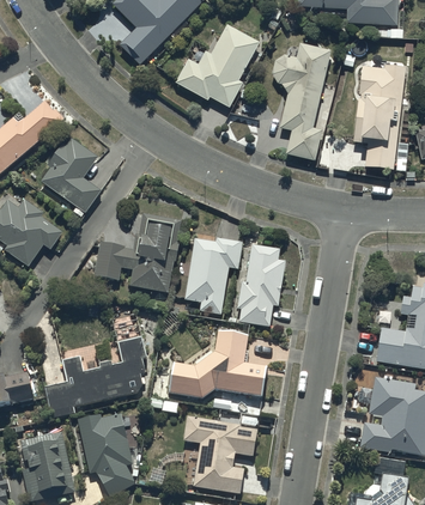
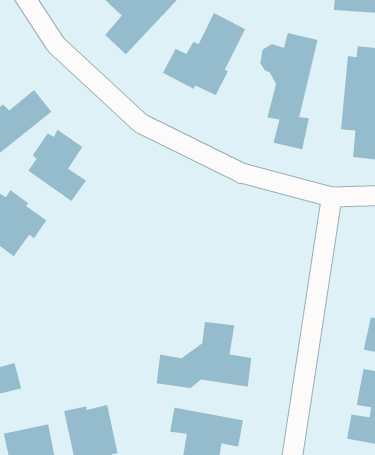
building: [93,213,182,293] -> none
building: [184,238,242,314] -> none
building: [237,245,284,325] -> none
building: [44,336,146,419] -> none

